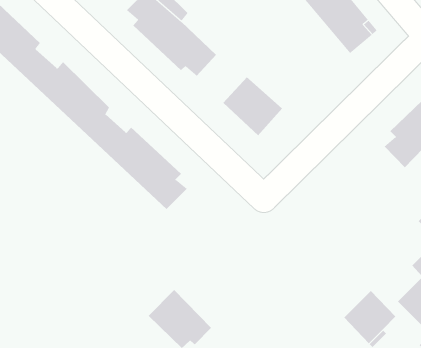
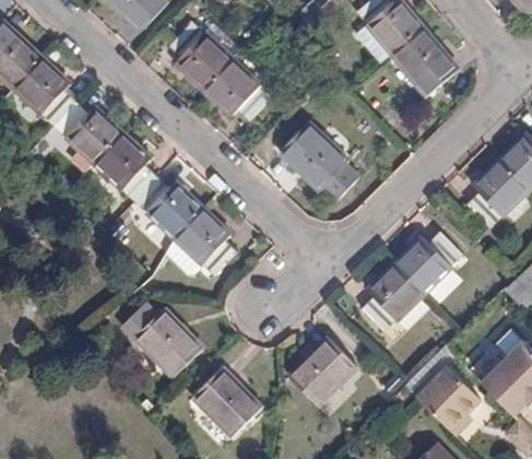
building: none -> [362,231,462,331]
building: none -> [133,308,204,378]
building: none -> [288,337,357,407]

